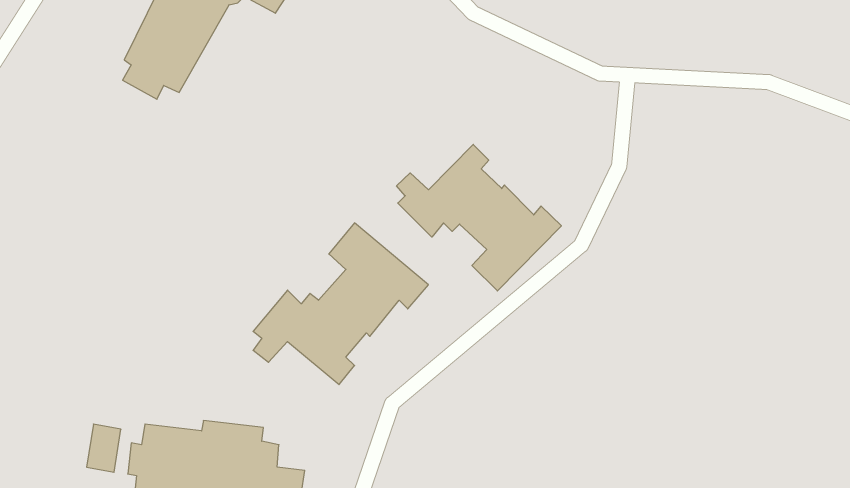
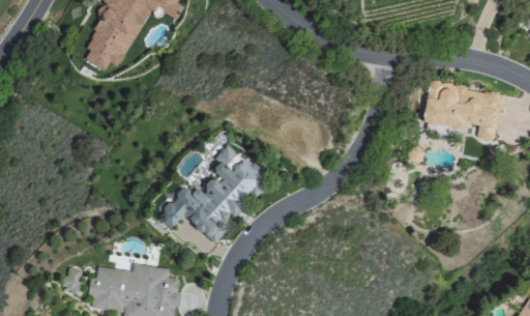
building: none -> [422,80,505,140]
building: [397,144,561,291] -> none

